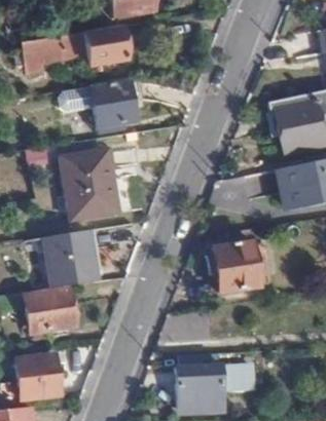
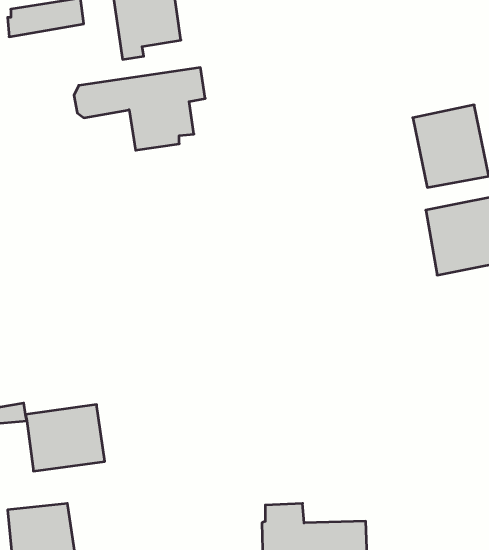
building: [61,150,118,220] -> none
building: [46,229,98,286] -> none
building: [216,244,259,294] -> none

